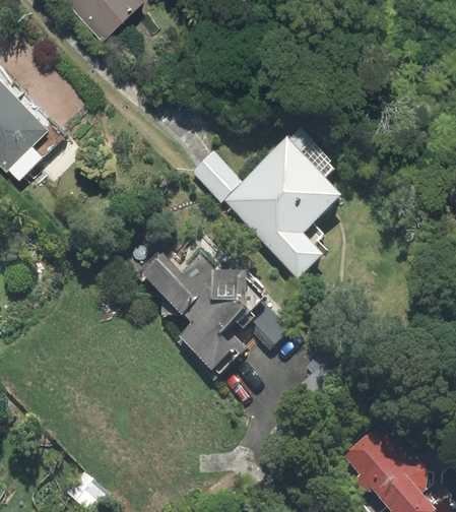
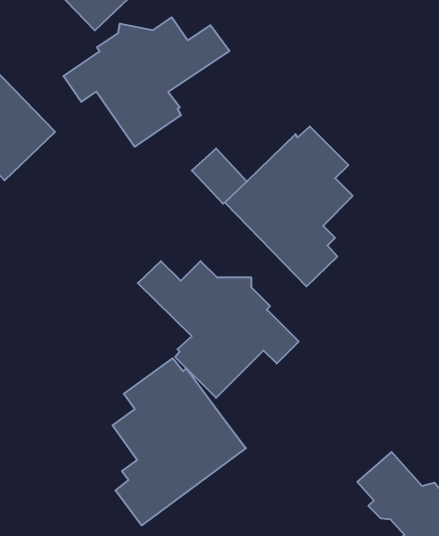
building: none -> [63,17,229,147]
building: none -> [112,358,246,525]

